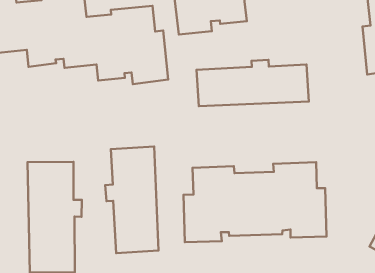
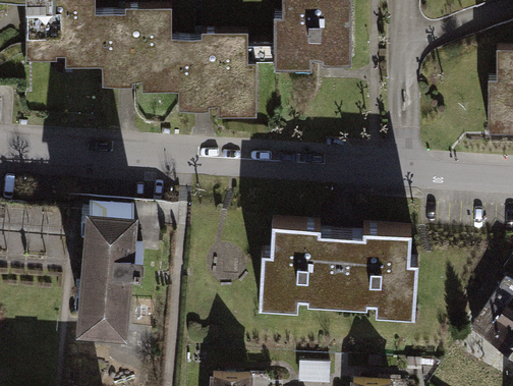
building: [197,60,309,106] -> none
building: [105,147,159,253] -> none

